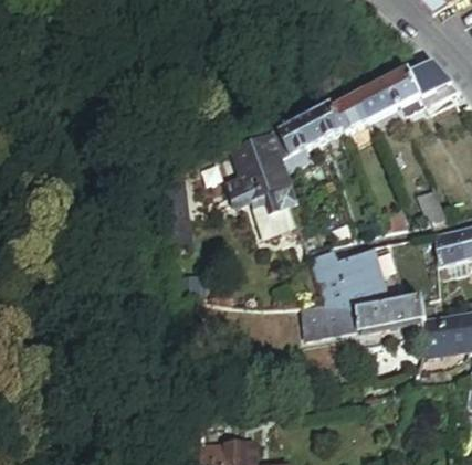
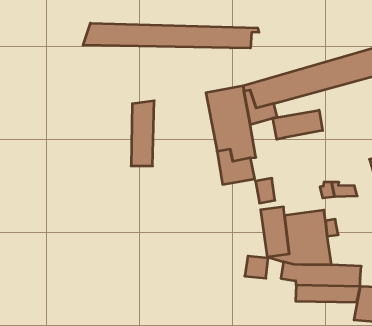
building: none -> [83,23,259,48]
building: none -> [273,110,323,139]

